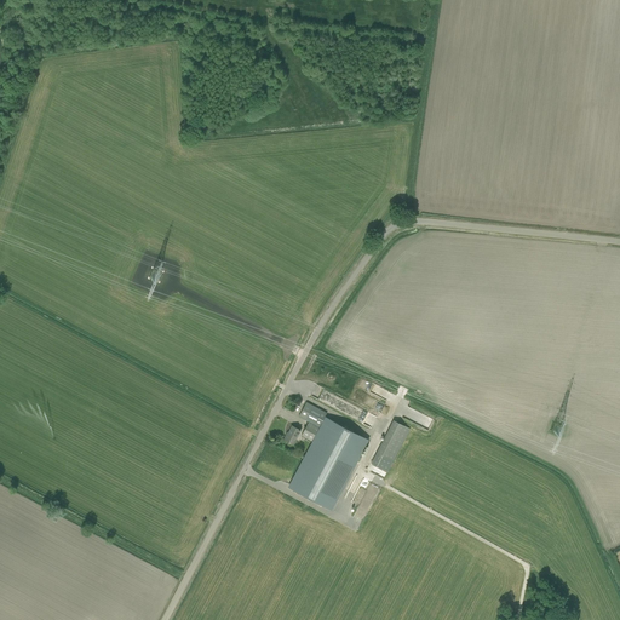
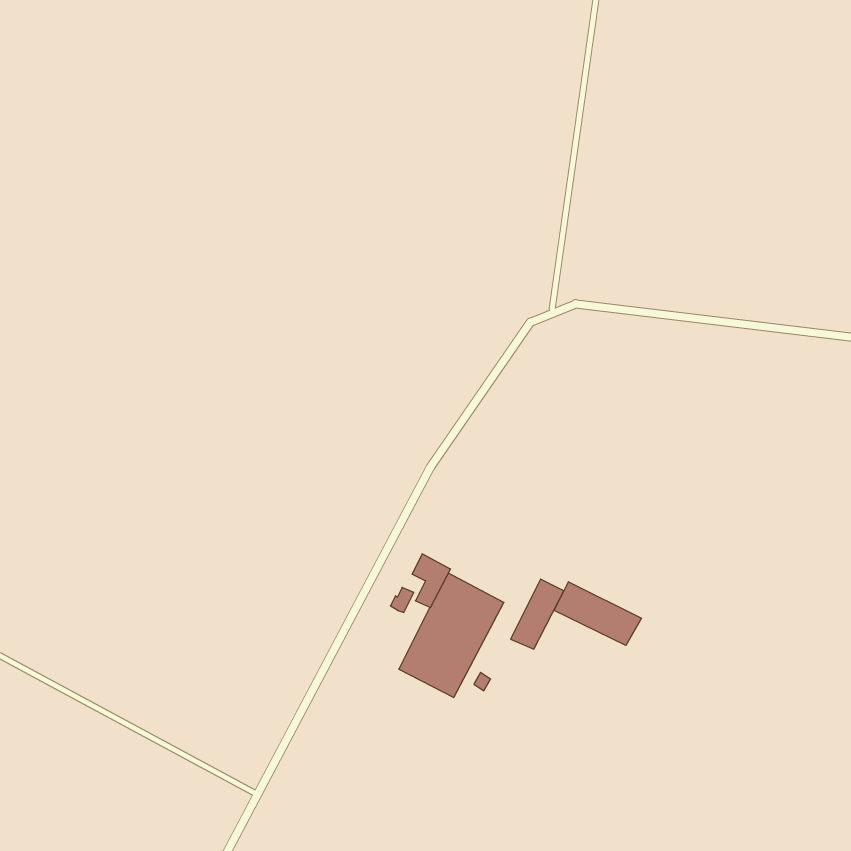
building: none -> [554,582,641,645]

